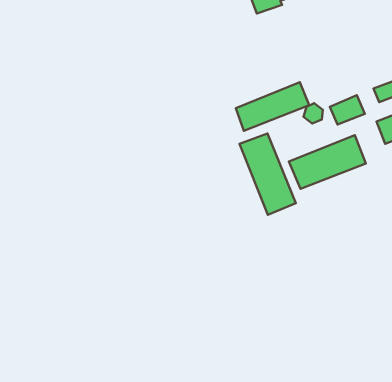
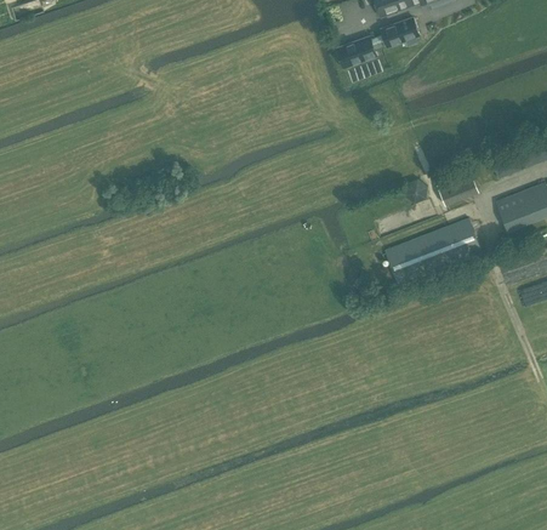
building: [236,82,309,131] -> none
building: [240,134,296,215] -> none

